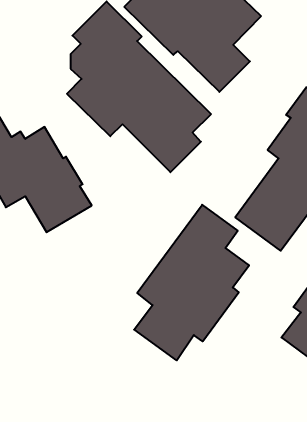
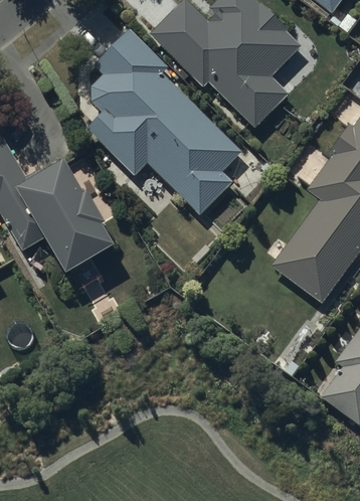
building: [134,205,249,360] -> none

